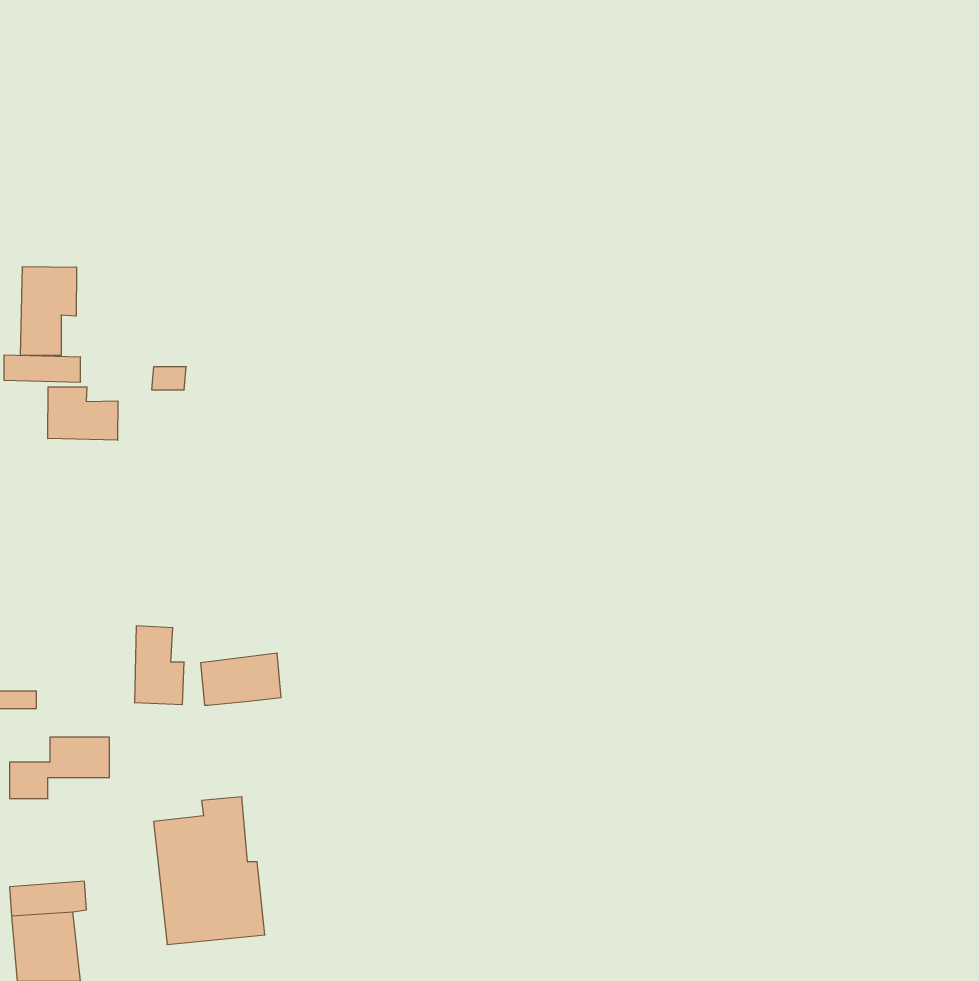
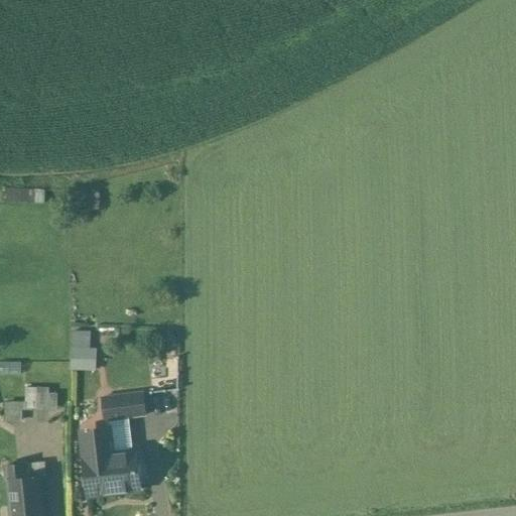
building: [20,267,76,356] -> none
building: [48,387,118,440] -> none
building: [201,653,281,705] -> [102,393,144,420]

